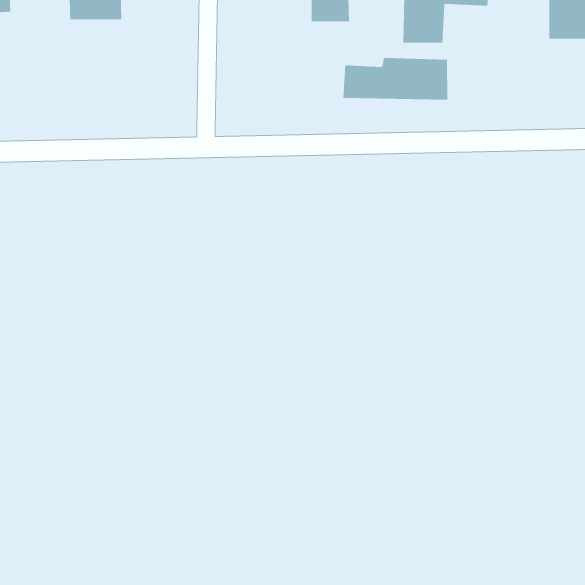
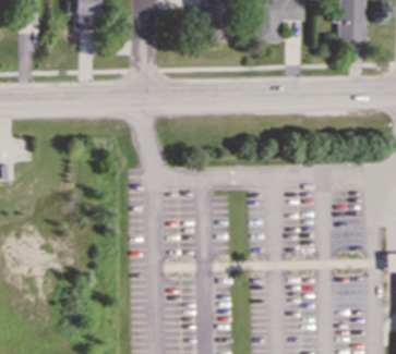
building: [343,57,448,101] -> none

